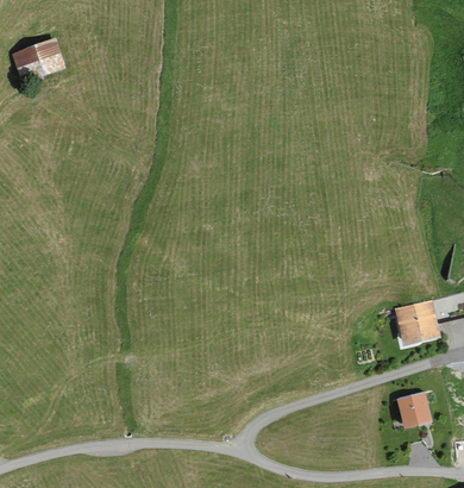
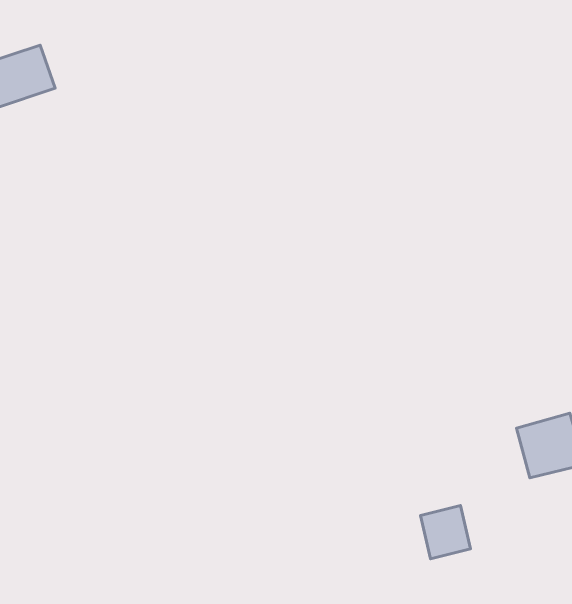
building: [394,390,429,428] -> [420,505,470,559]

